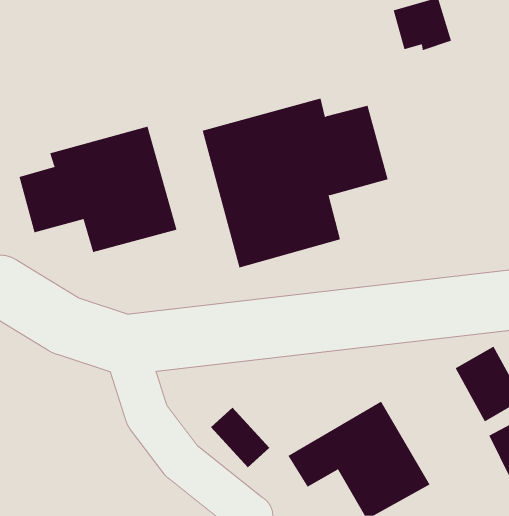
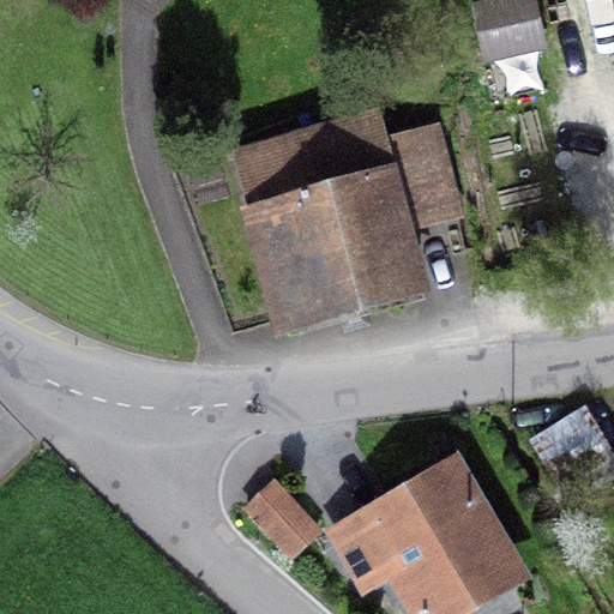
building: [19,126,177,253] -> none

